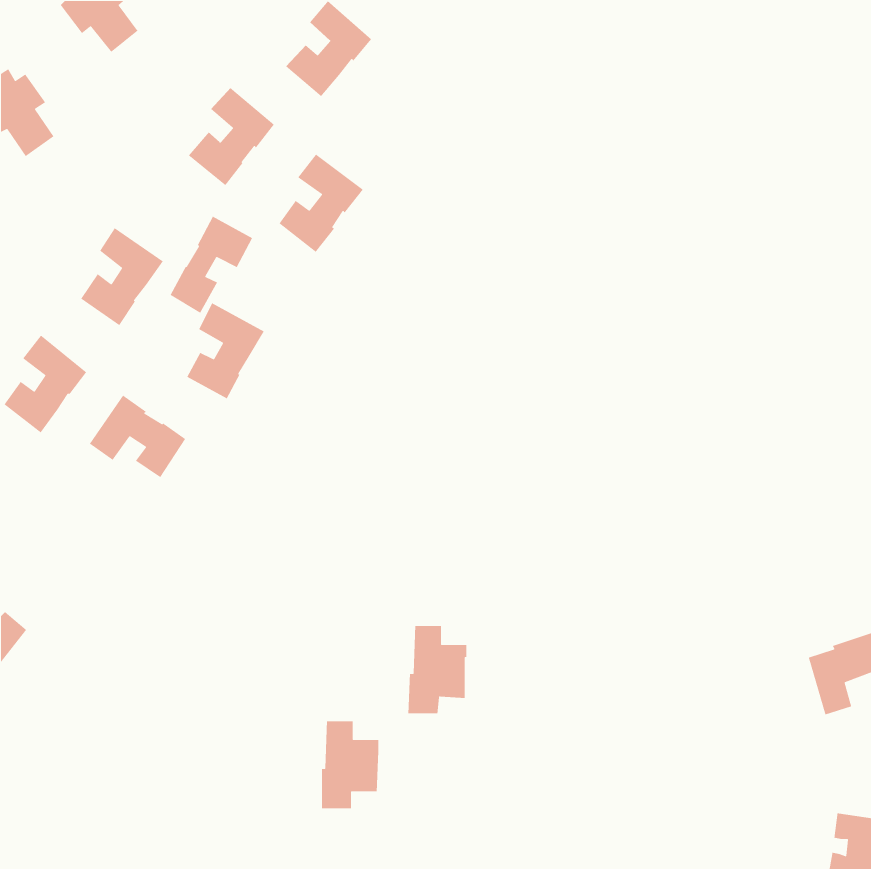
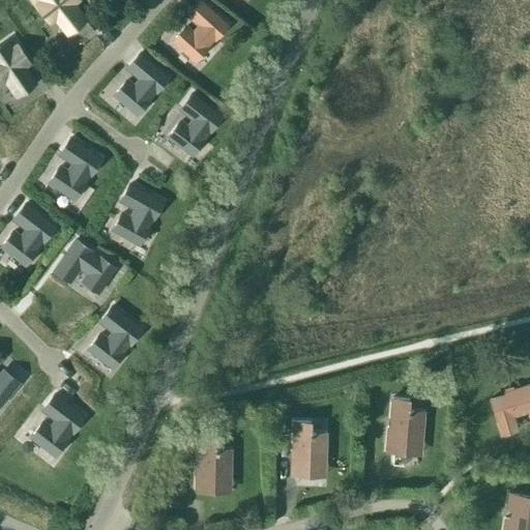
building: [170,216,253,314] -> none
building: none -> [89,308,141,367]
building: [408,625,467,714] -> [290,422,326,476]
building: none -> [32,396,84,457]
building: none -> [386,399,424,454]

